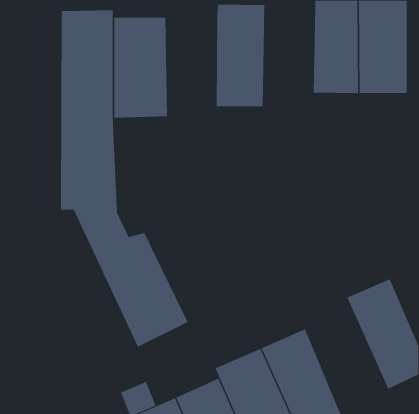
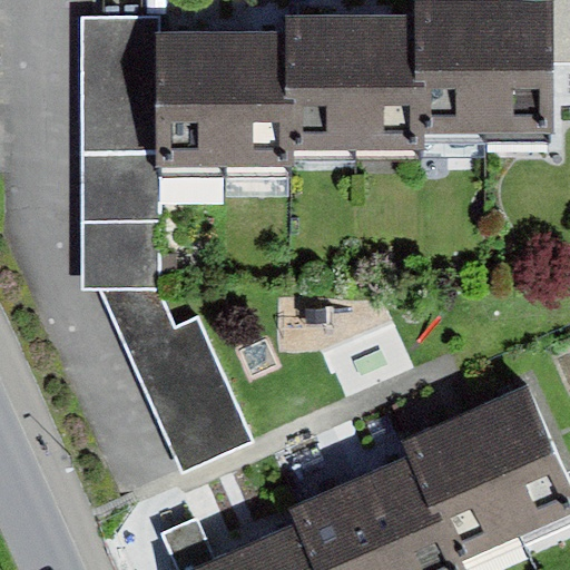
building: none -> [356,14,425,153]
building: none -> [225,29,293,166]
building: none -> [406,411,524,564]

